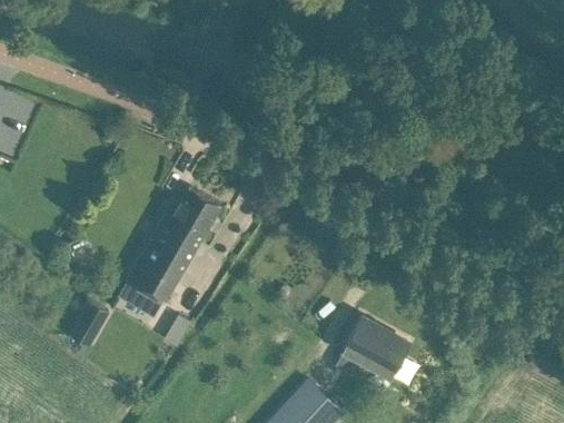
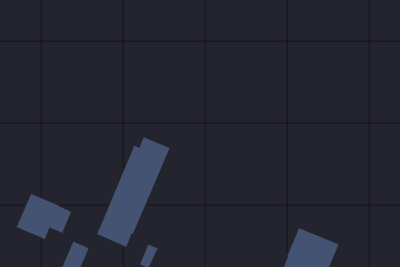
building: none -> [16,193,72,240]

